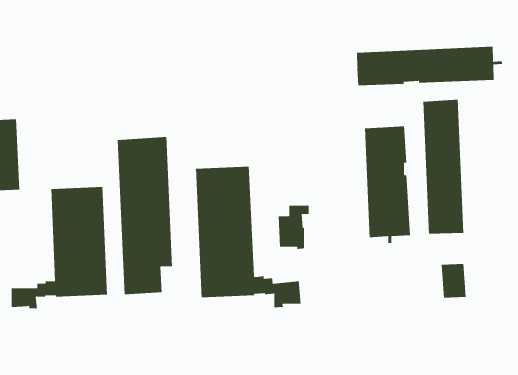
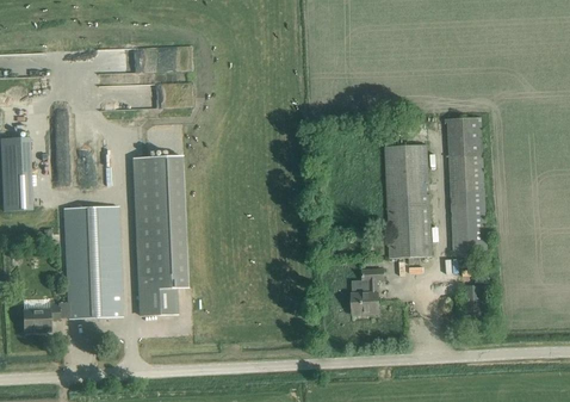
building: [357,46,503,86] -> none
building: [195,166,301,308] -> none
building: [278,205,309,250] -> [351,268,383,314]

